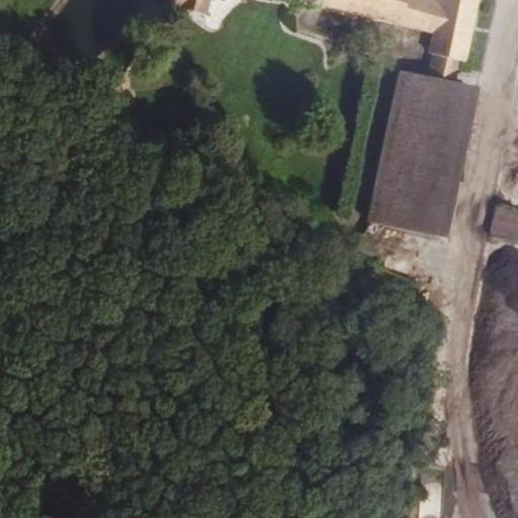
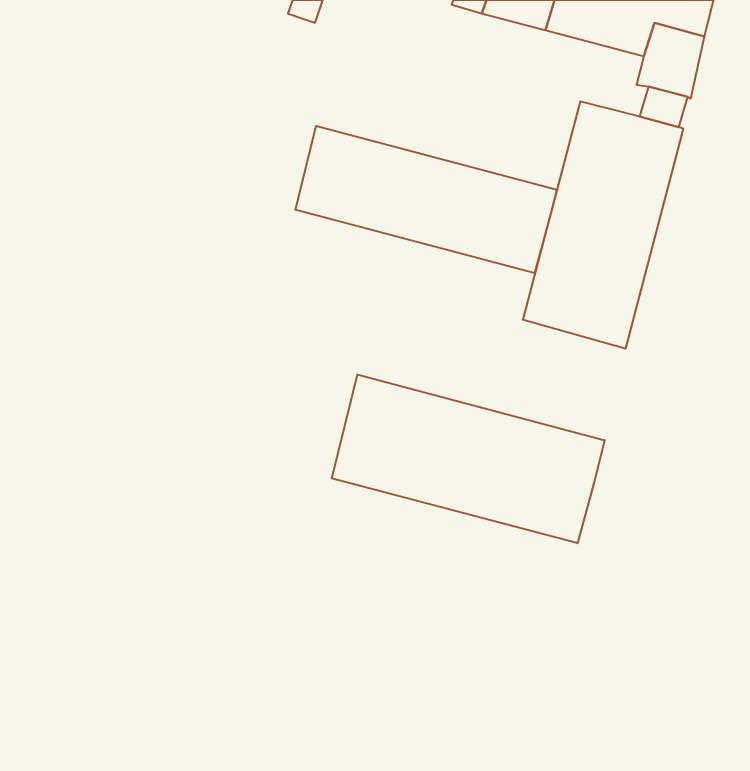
building: none -> [296,126,556,273]
building: none -> [332,374,605,543]

